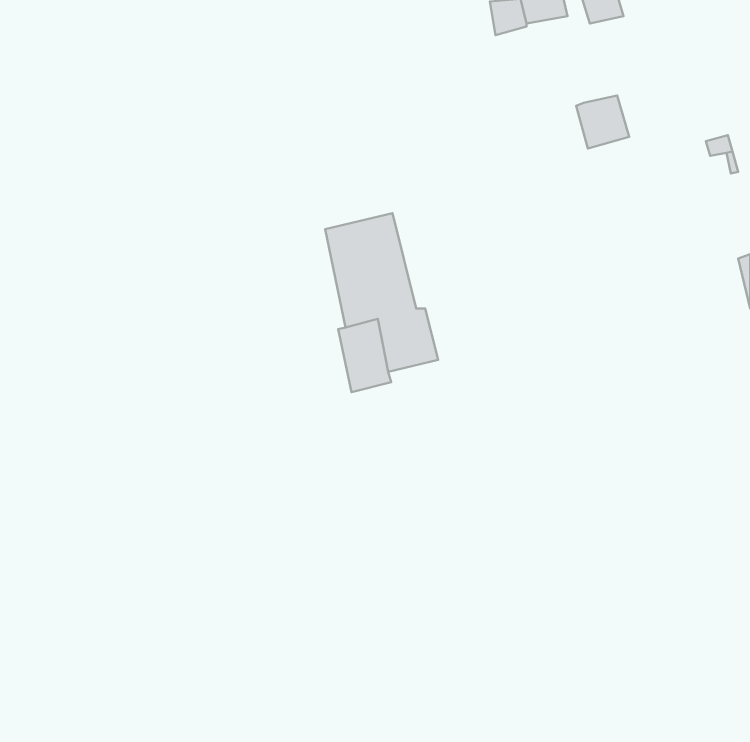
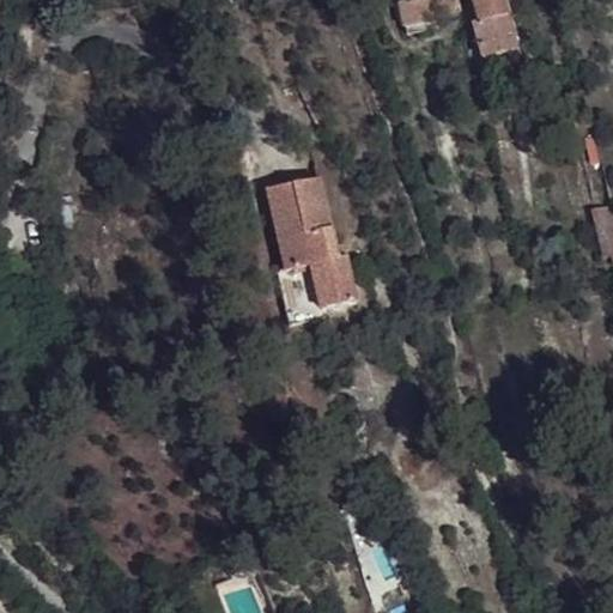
building: [576,96,629,148] -> [474,13,517,56]

